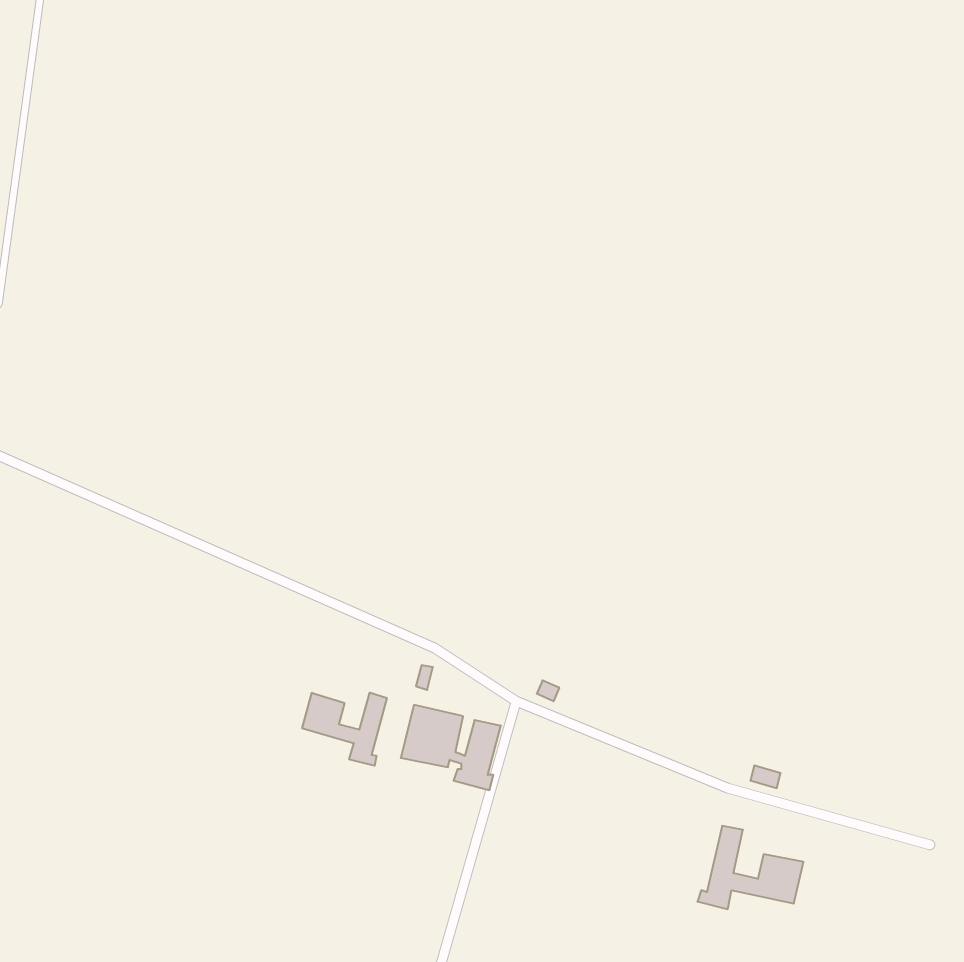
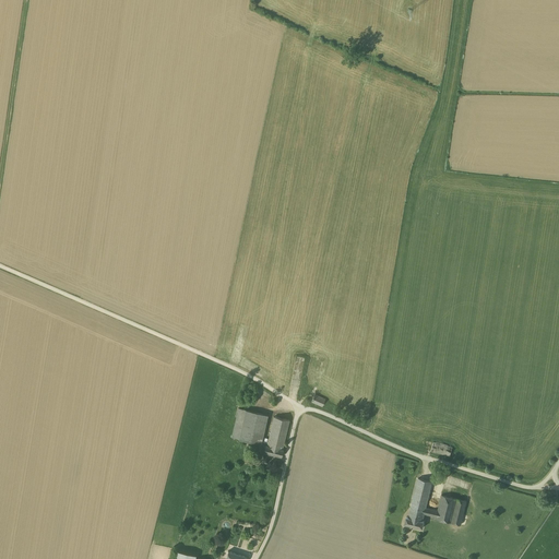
building: [302,693,387,766] -> none

